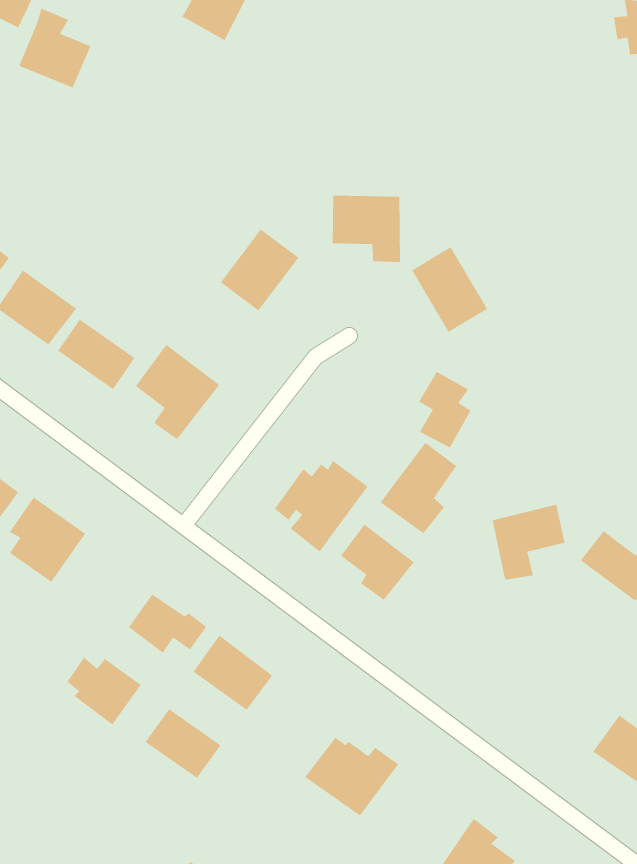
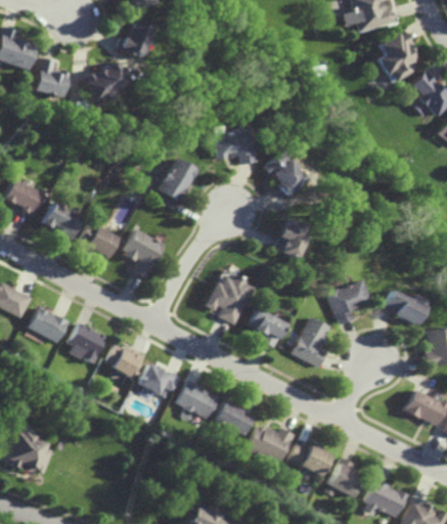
building: none -> [82,59,129,101]
building: [379,442,457,534] -> [294,316,332,366]
building: [67,656,142,725] -> [108,343,149,379]
building: [144,708,222,779] -> [217,400,259,436]
building: none -> [289,441,333,476]

